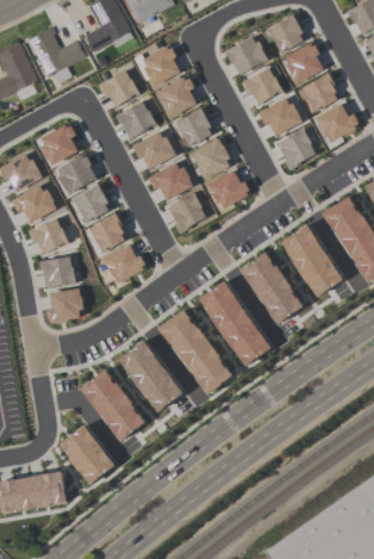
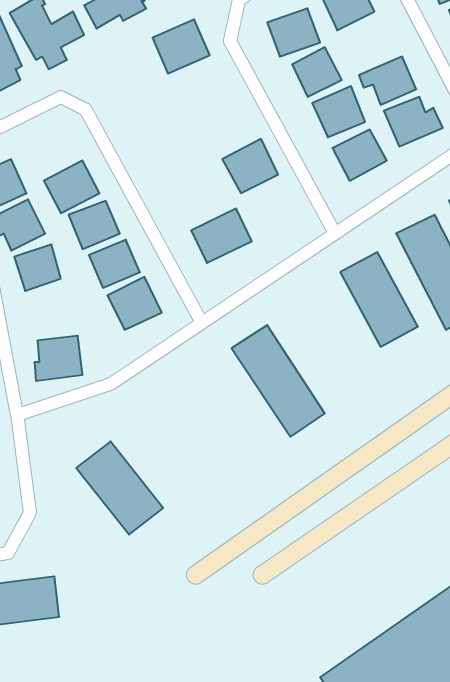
building: [281,43,324,83] -> none
building: [101,70,138,106] -> none
building: [156,75,197,118] -> none
building: [117,101,155,138] -> none
building: [175,108,216,147] -> none
building: [37,124,77,164] -> none
building: [131,131,173,168] -> none
building: [148,161,192,200] -> none
building: [207,170,250,210] -> none
building: [239,251,303,324] -> none
building: [42,257,74,287] -> none
building: [158,308,232,396] -> none
building: [119,340,181,412] -> none
building: [57,424,116,485] -> none

